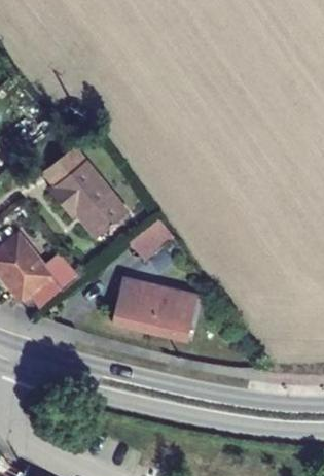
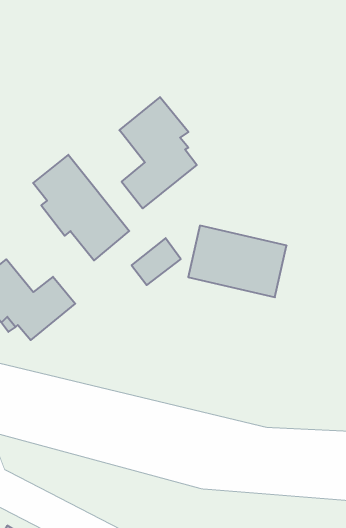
building: none -> [119,97,197,208]
building: [111,277,197,340] -> [188,226,287,297]

